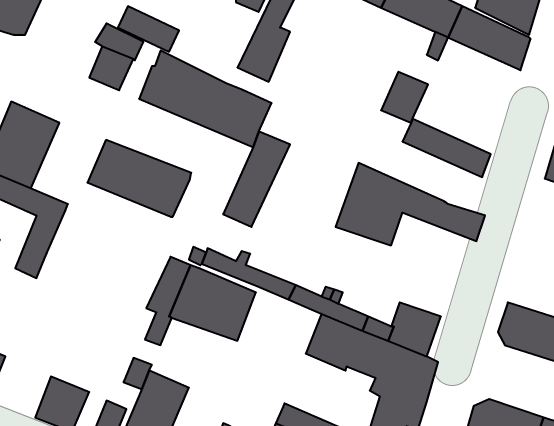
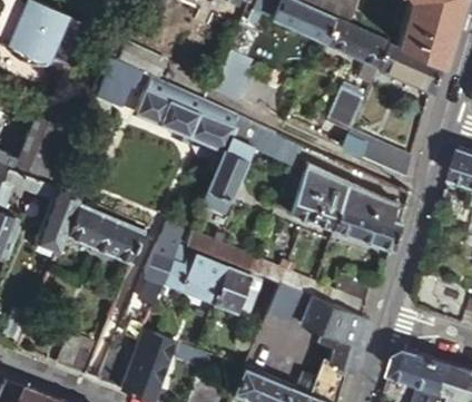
building: none -> [229,118,303,167]
building: [87,140,191,217] -> [63,203,145,263]
building: none -> [333,204,400,251]
building: none -> [213,266,263,317]

